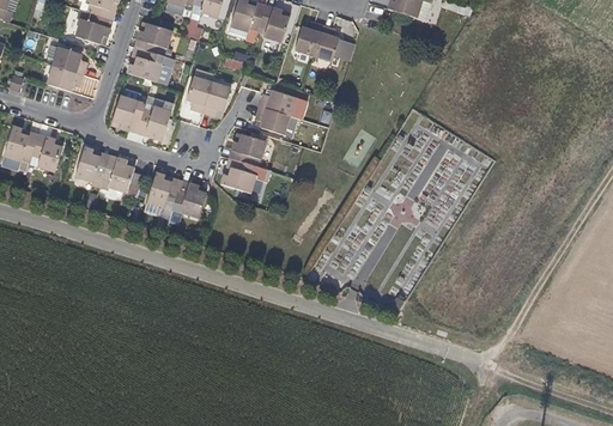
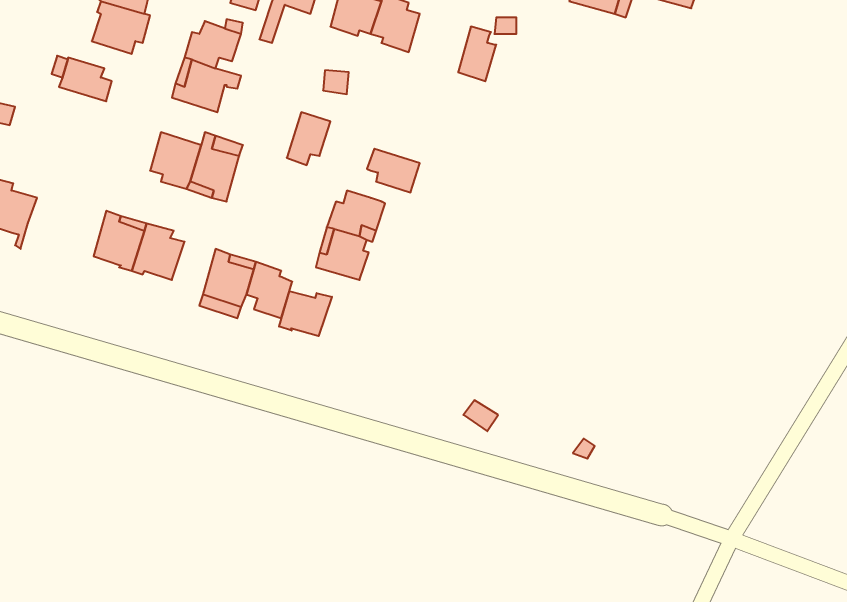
building: [295,22,323,56] -> none
building: [47,66,84,91] -> none
building: [187,77,212,112] -> none
building: [260,90,296,116] -> none
building: [32,134,62,172] -> none
building: none -> [279,291,332,336]

